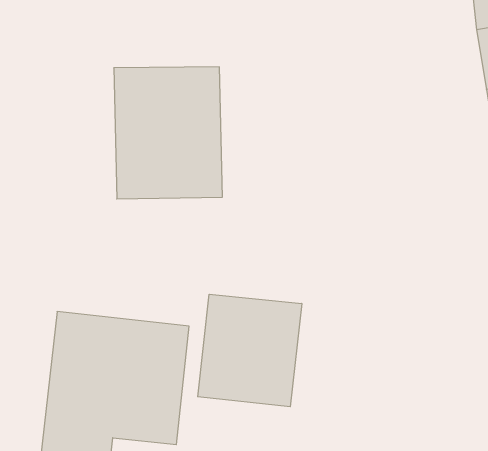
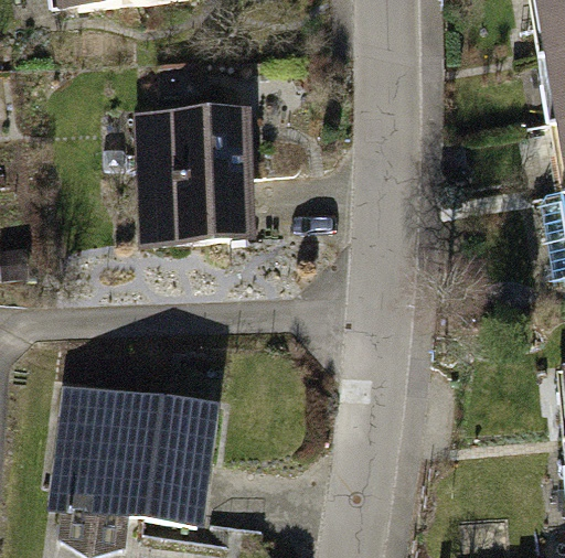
building: [198,294,302,407] -> none

